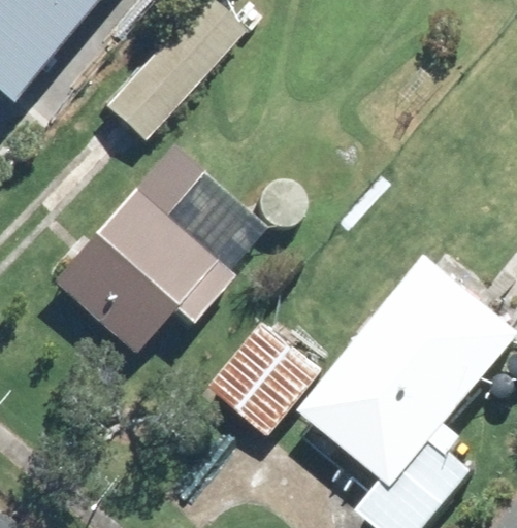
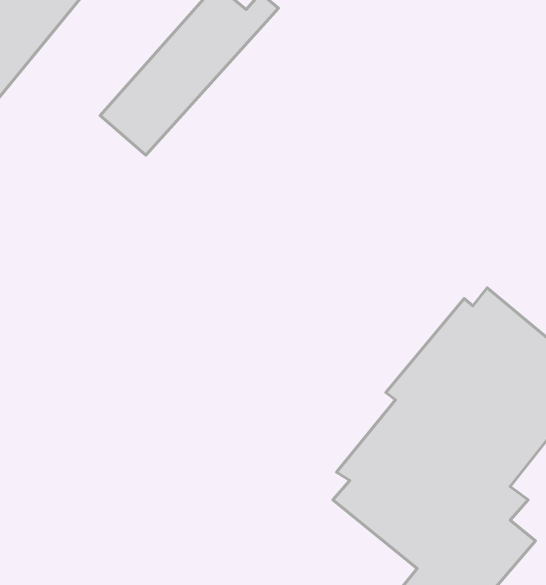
building: [54,143,235,352] -> none
building: [214,322,328,437] -> none

